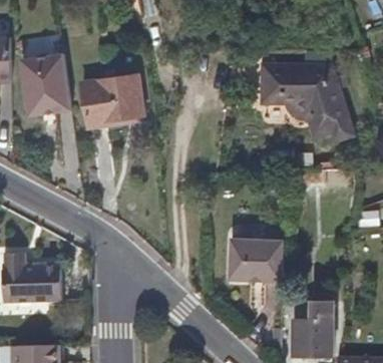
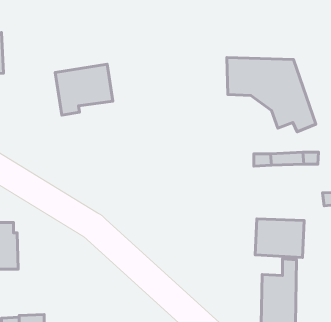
building: [20,53,70,114] -> none
building: [228,234,281,276] -> [255,219,304,258]
building: [29,255,60,295] -> none

